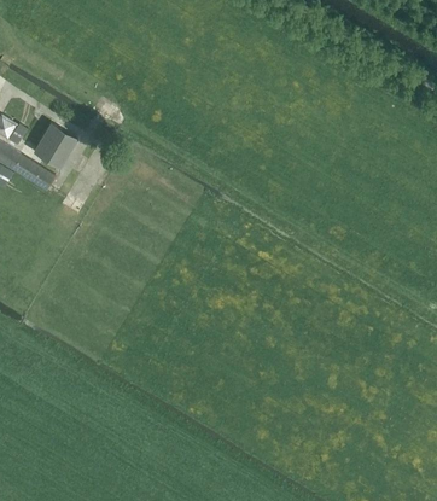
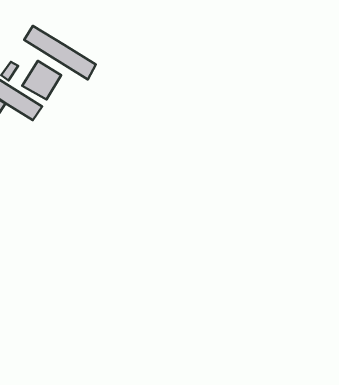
building: none -> [24,26,96,79]

